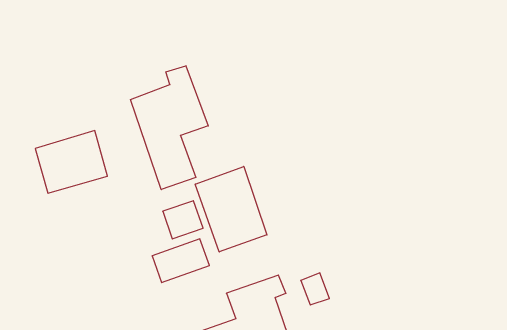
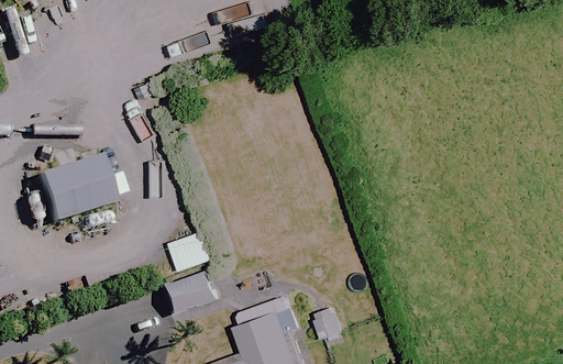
building: [130,66,208,190] -> none
building: [195,166,267,252] -> none

